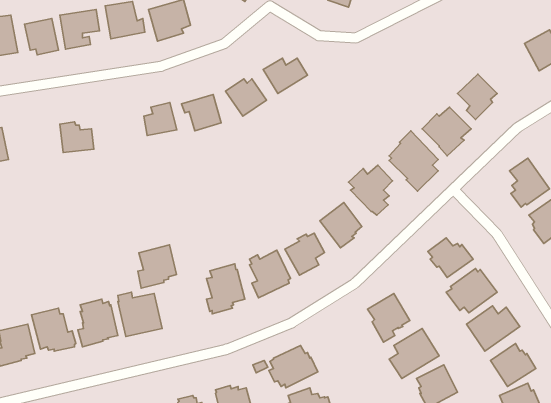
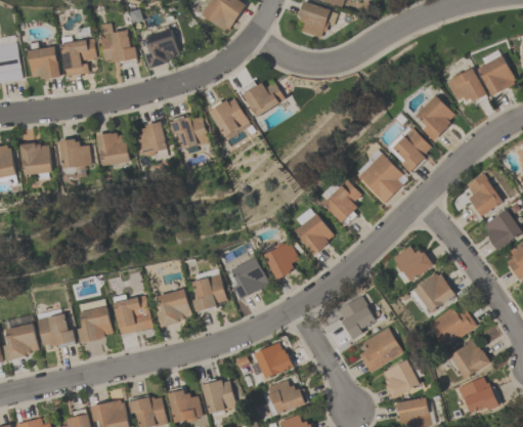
building: none -> [448,69,486,100]
building: none -> [97,133,129,164]
building: none -> [21,144,50,175]
building: [138,245,176,288] -> [157,288,191,327]

